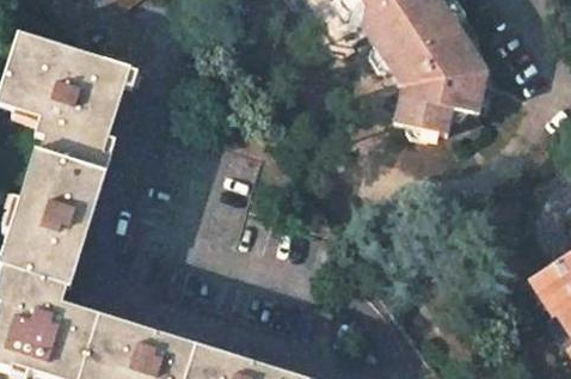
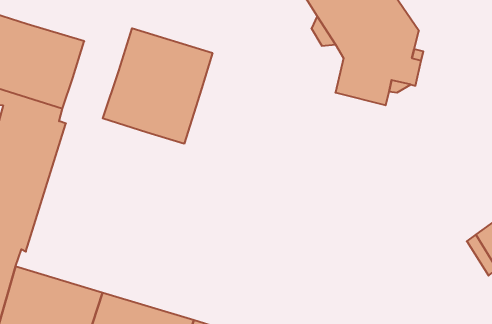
building: none -> [103,28,212,144]

